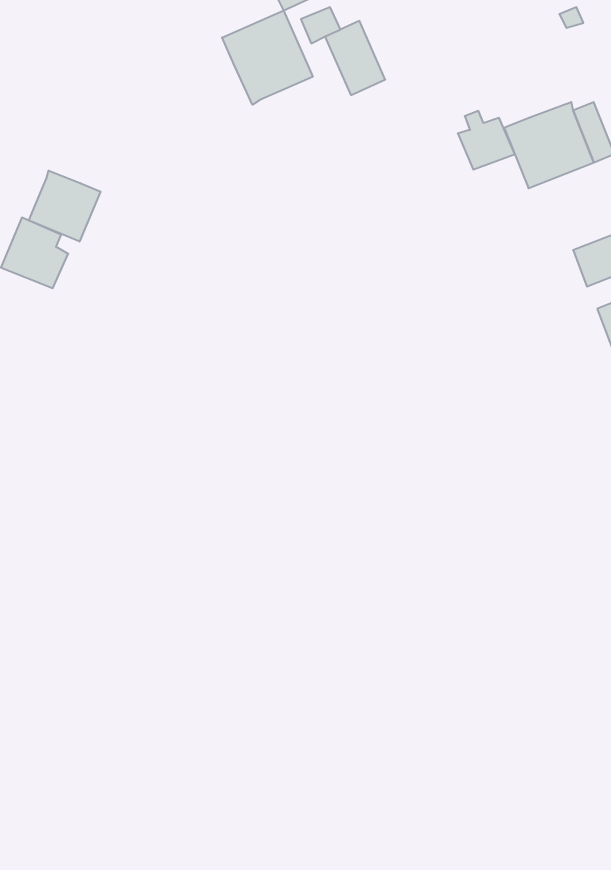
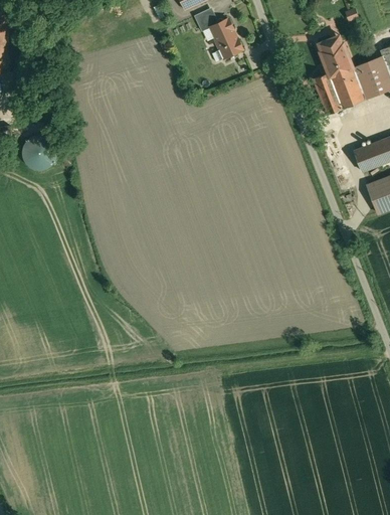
building: [222,11,313,105] -> none
building: [458,111,515,170] -> [320,38,353,72]
building: [29,171,100,242] -> none

